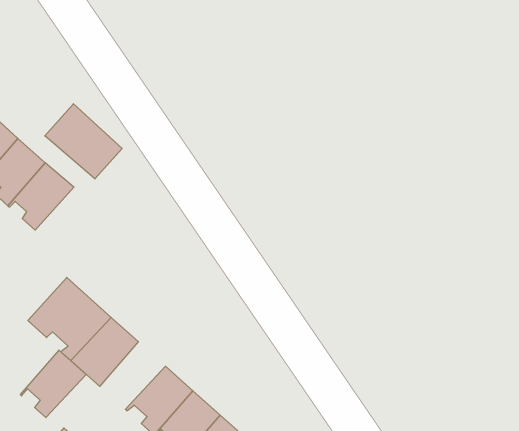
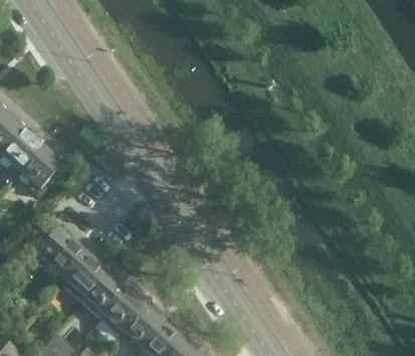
building: [45,104,122,179] -> none
building: [20,350,86,418] -> [81,271,128,318]

